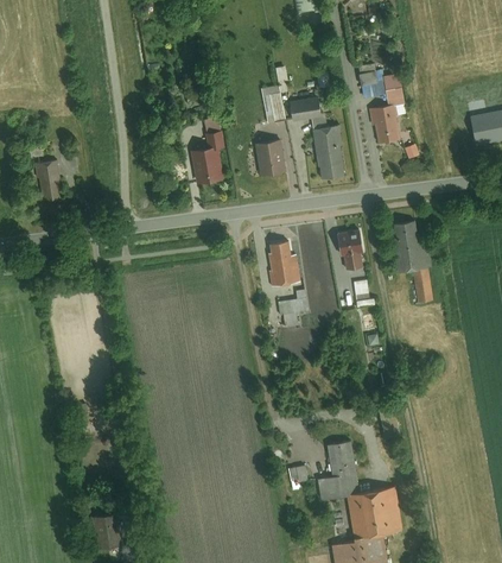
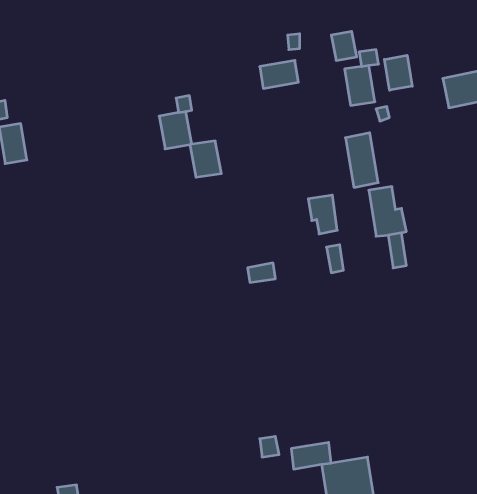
building: [260,84,284,120] -> none
building: none -> [384,55,412,90]
building: [314,125,347,178] -> [345,133,378,187]
building: [253,143,284,178] -> [190,141,221,177]
building: [266,243,300,287] -> none
building: [329,441,356,476] -> none

